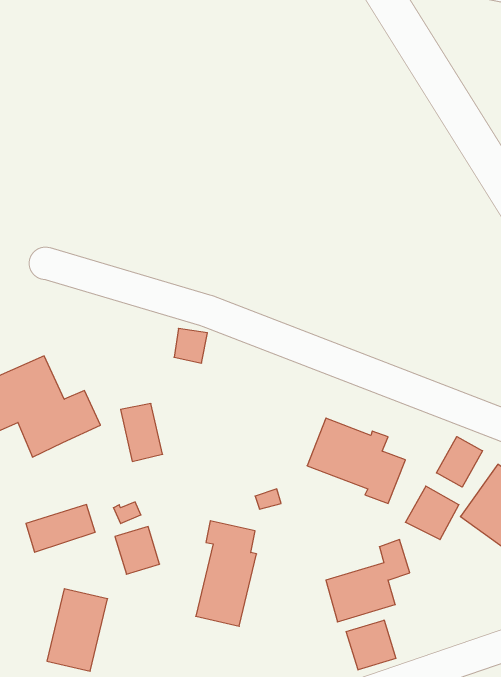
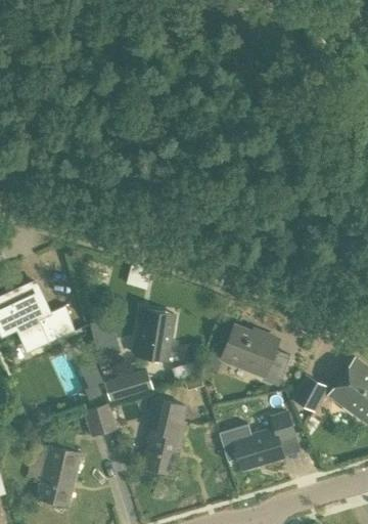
building: none -> [133,308,176,362]
building: [436,437,483,487] -> none
building: [26,505,95,552] -> [104,369,153,403]
building: [346,620,396,670] -> none

